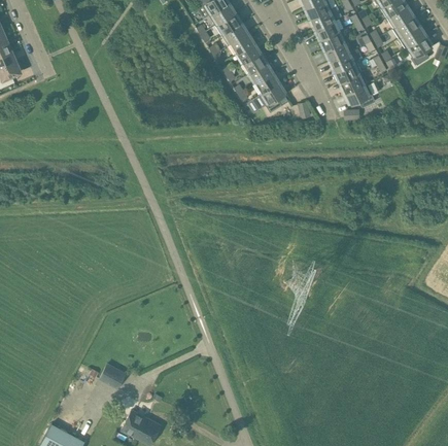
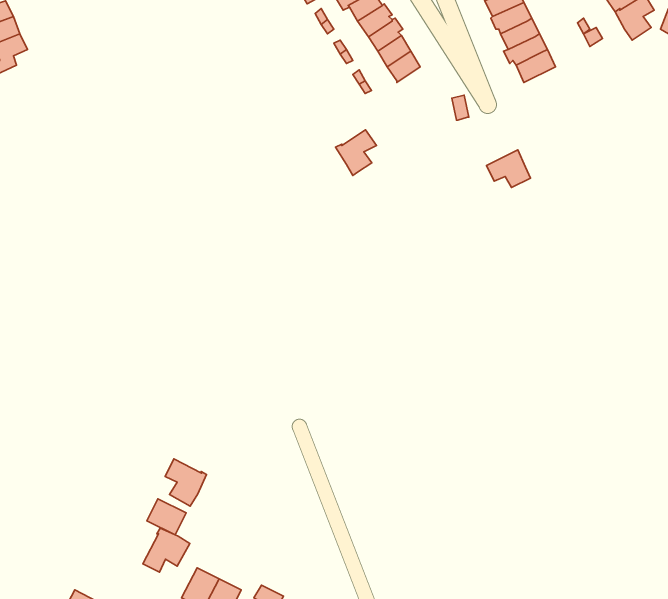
building: [259,82,285,112] -> [336,130,376,175]
building: [346,82,375,107] -> [486,150,530,187]
building: none -> [165,459,206,506]
building: none -> [143,528,190,572]

